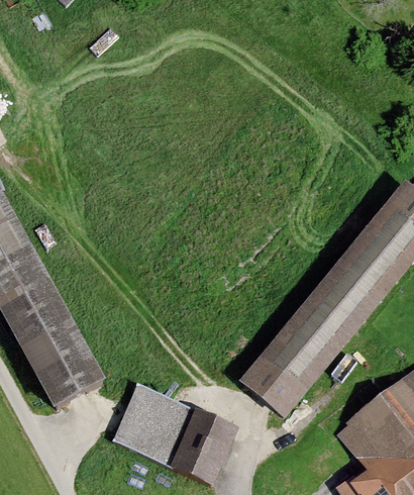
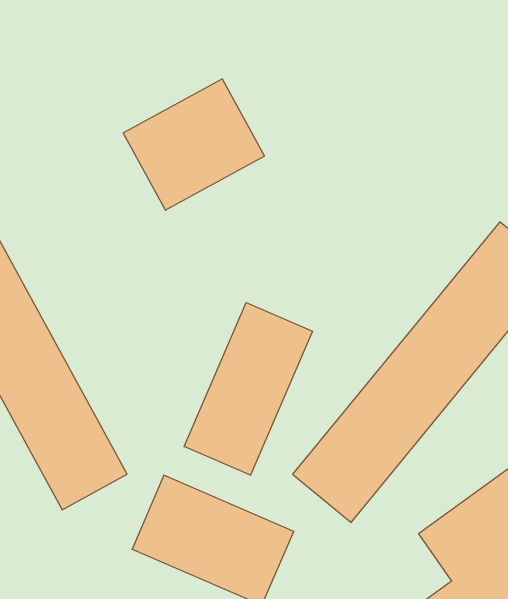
building: none -> [123,79,264,210]
building: none -> [184,303,312,475]

